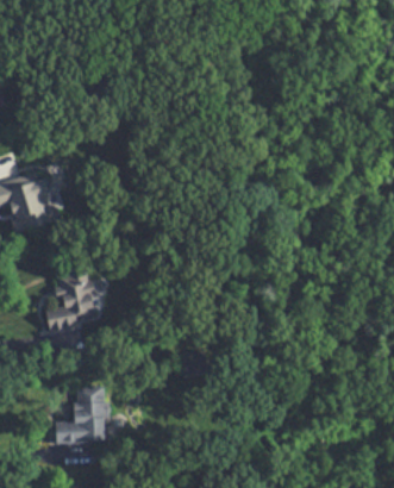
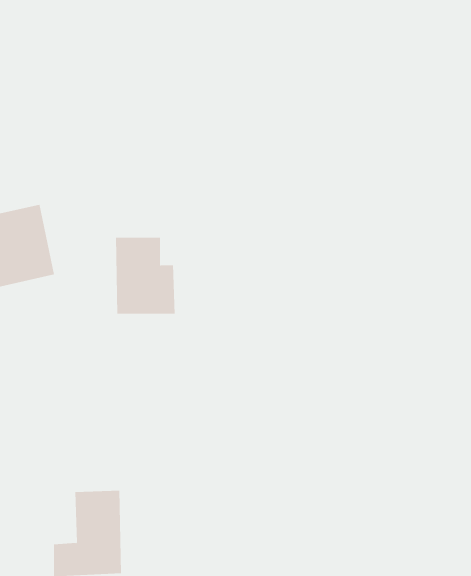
building: [52,268,96,324] -> [115,237,176,314]

